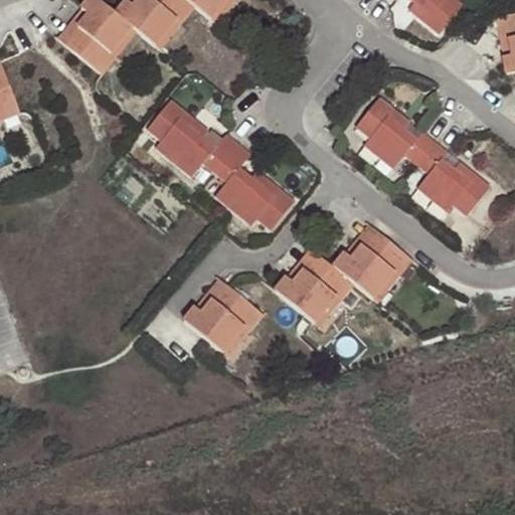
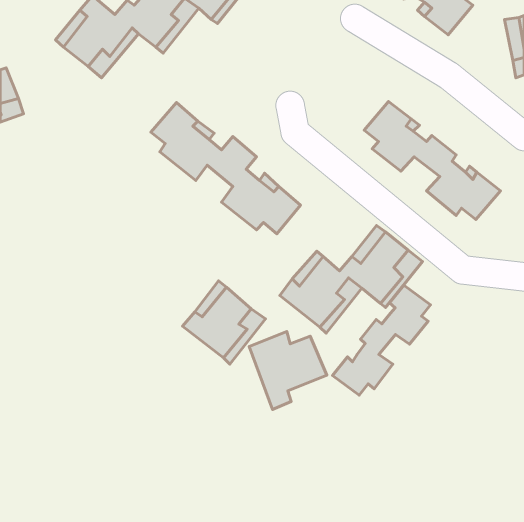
building: none -> [332,285,431,395]
building: none -> [249,332,327,410]

